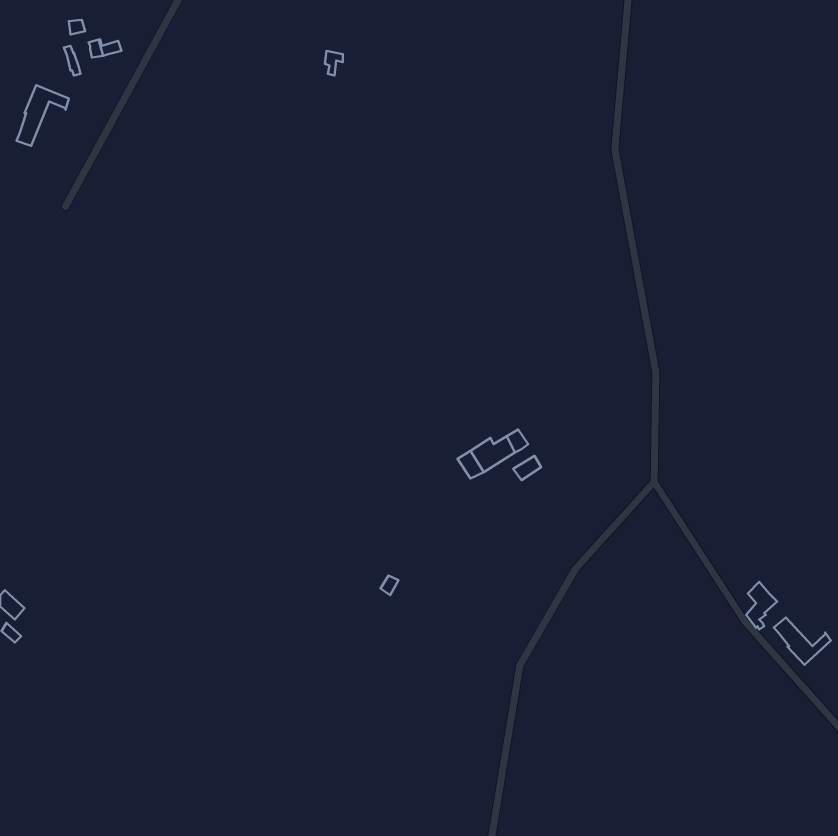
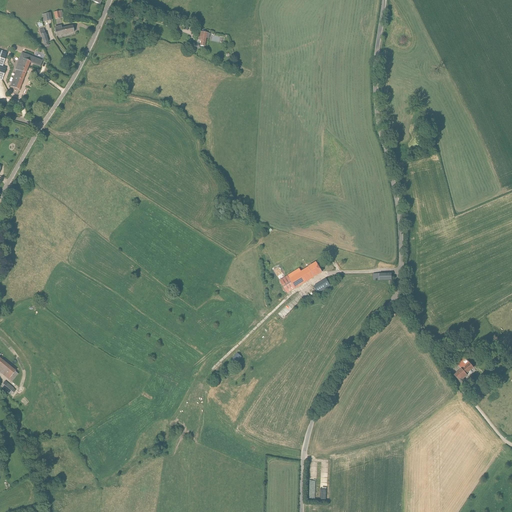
building: [774,618,831,665] -> none

